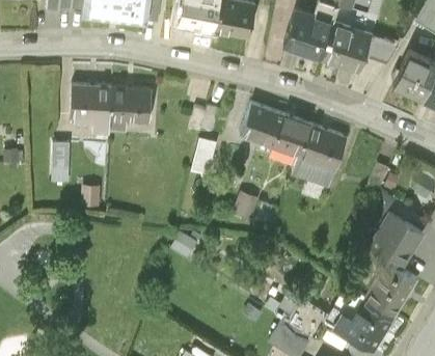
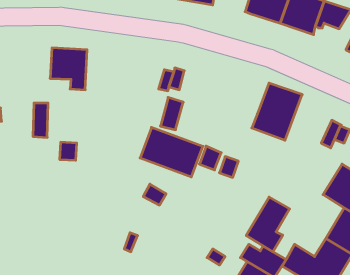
building: [109,87,151,132] -> none
building: [241,103,309,157] -> [140,127,203,177]
building: none -> [246,197,290,252]

